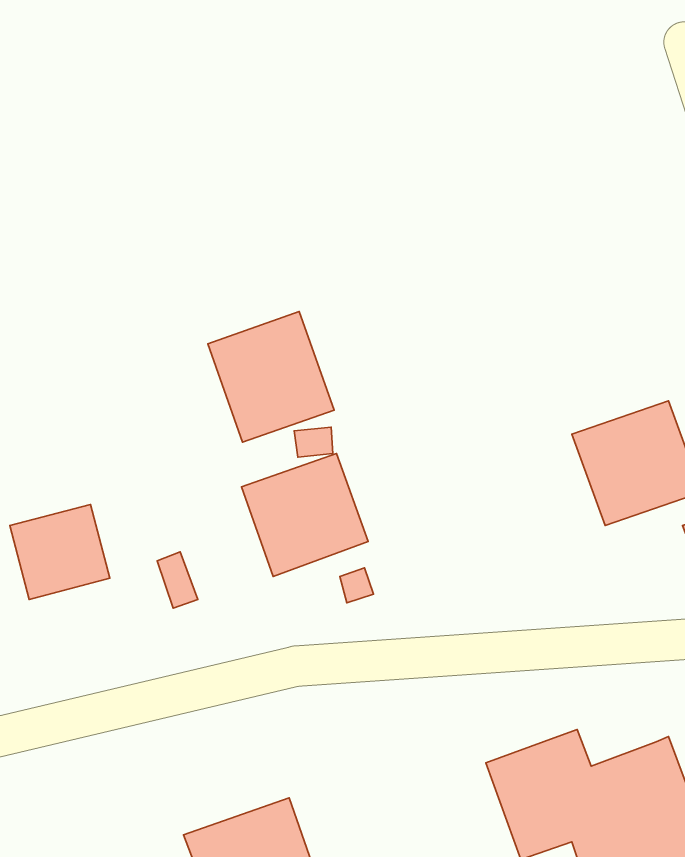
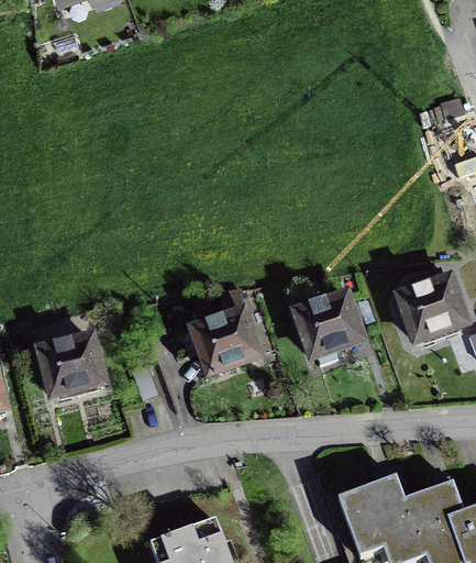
building: [208,311,334,442] -> none
building: none -> [288,286,370,364]

